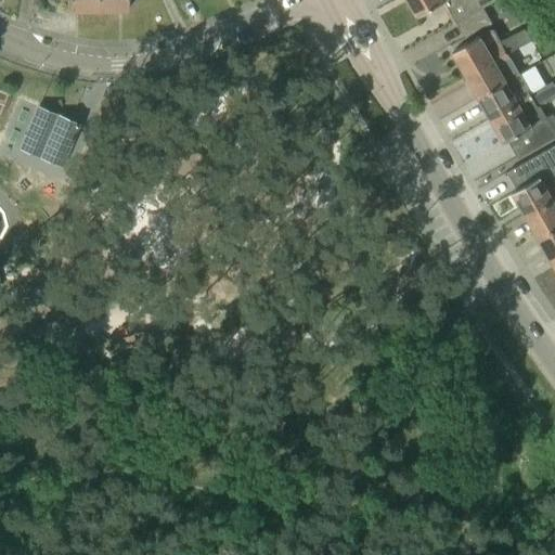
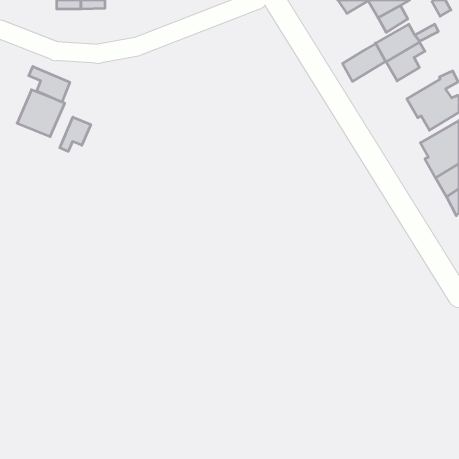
building: [479,74,531,119] -> [343,44,386,81]
building: none -> [29,66,70,102]
building: none -> [60,117,91,151]

